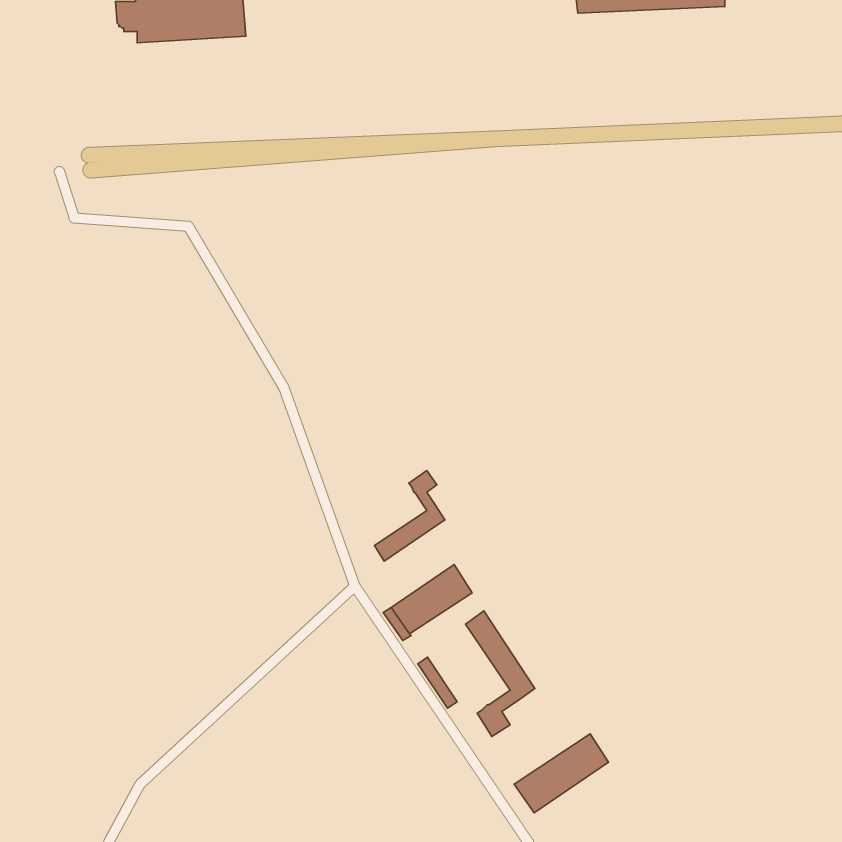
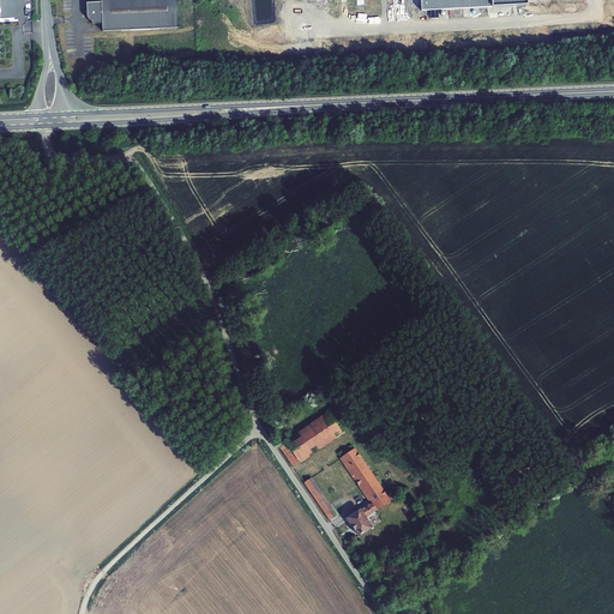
building: [375,471,445,561] -> none
building: [514,734,609,813] -> none

